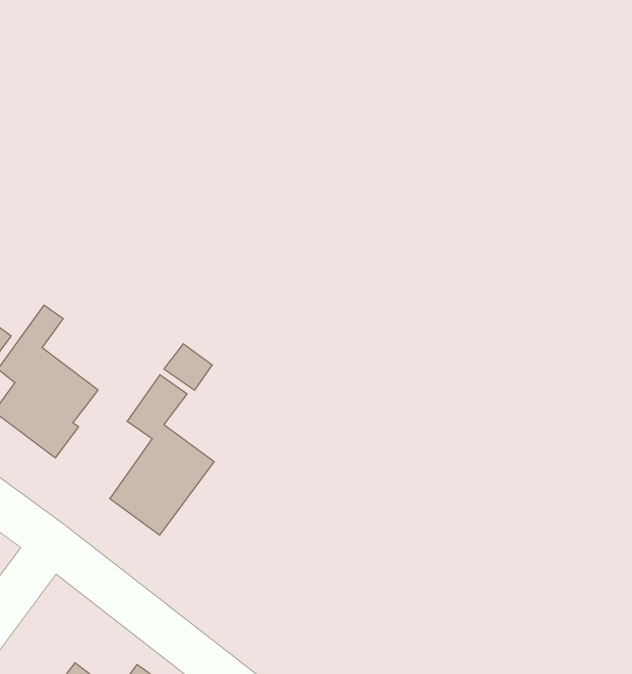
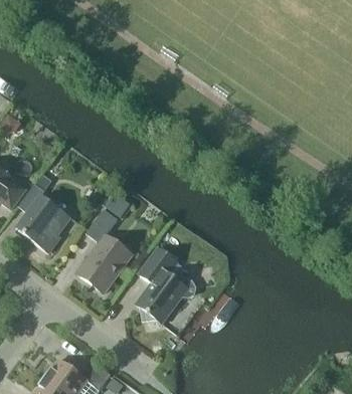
building: none -> [135,246,195,323]

